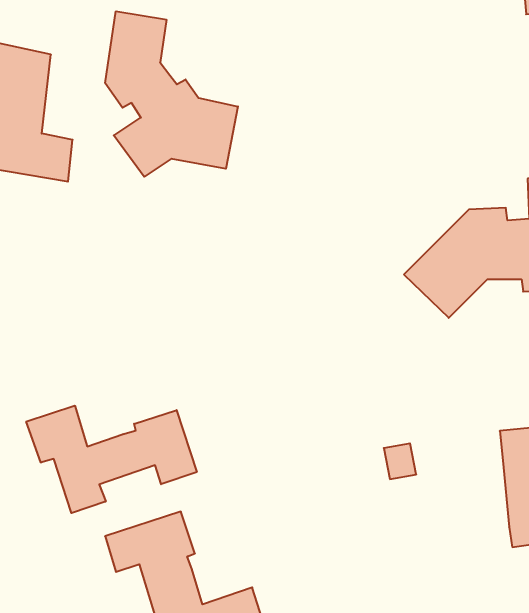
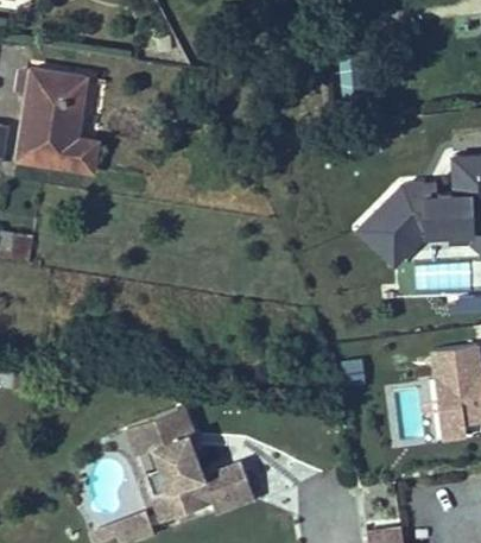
building: [105,11,238,177] -> none
building: [26,406,197,513] -> none

